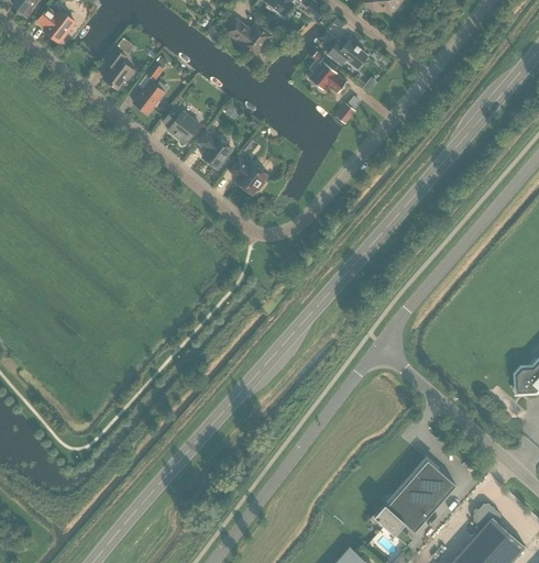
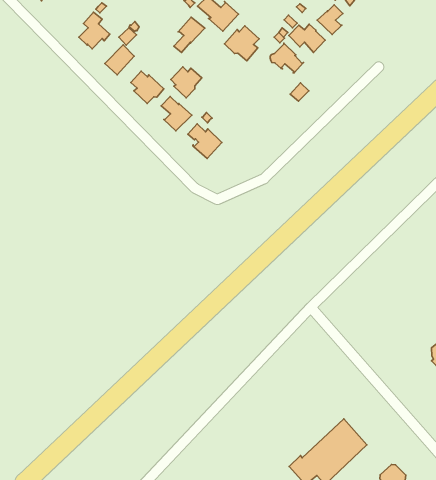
building: none -> [317,5,343,35]
building: none -> [174,17,205,53]
building: none -> [225,26,259,61]
building: none -> [171,67,202,98]

